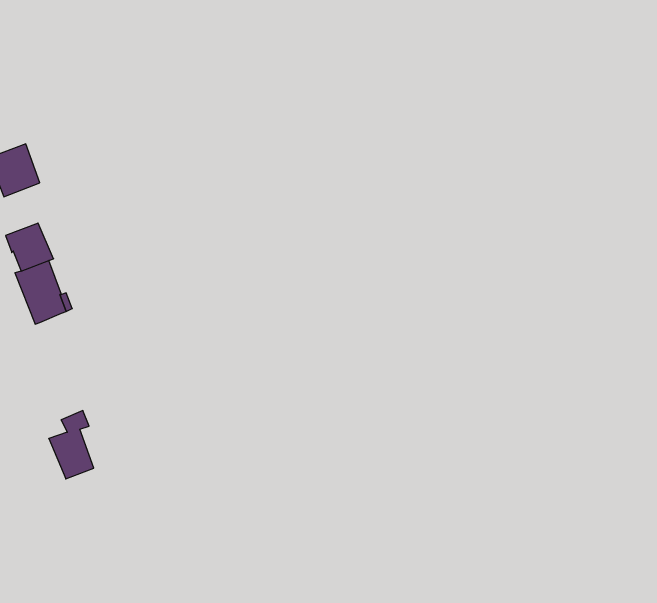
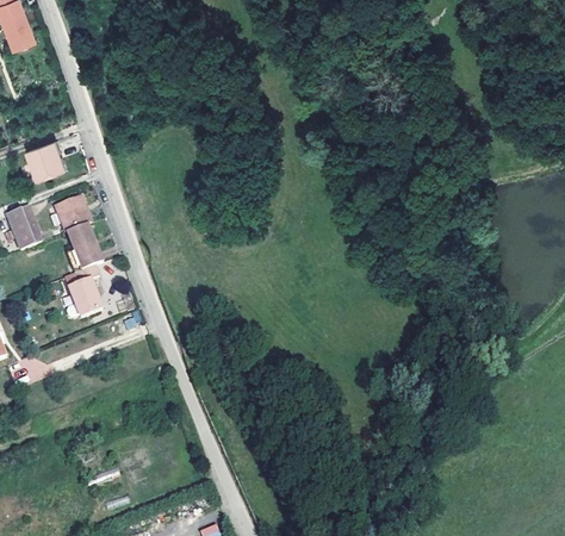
building: [49,411,94,479] -> [67,264,101,317]

